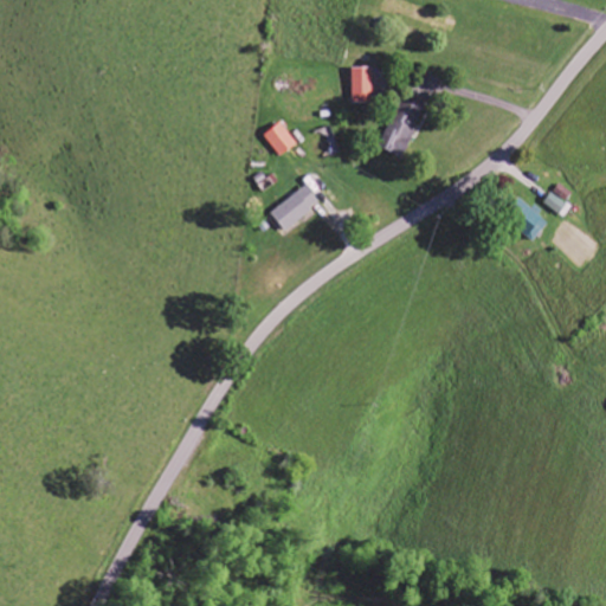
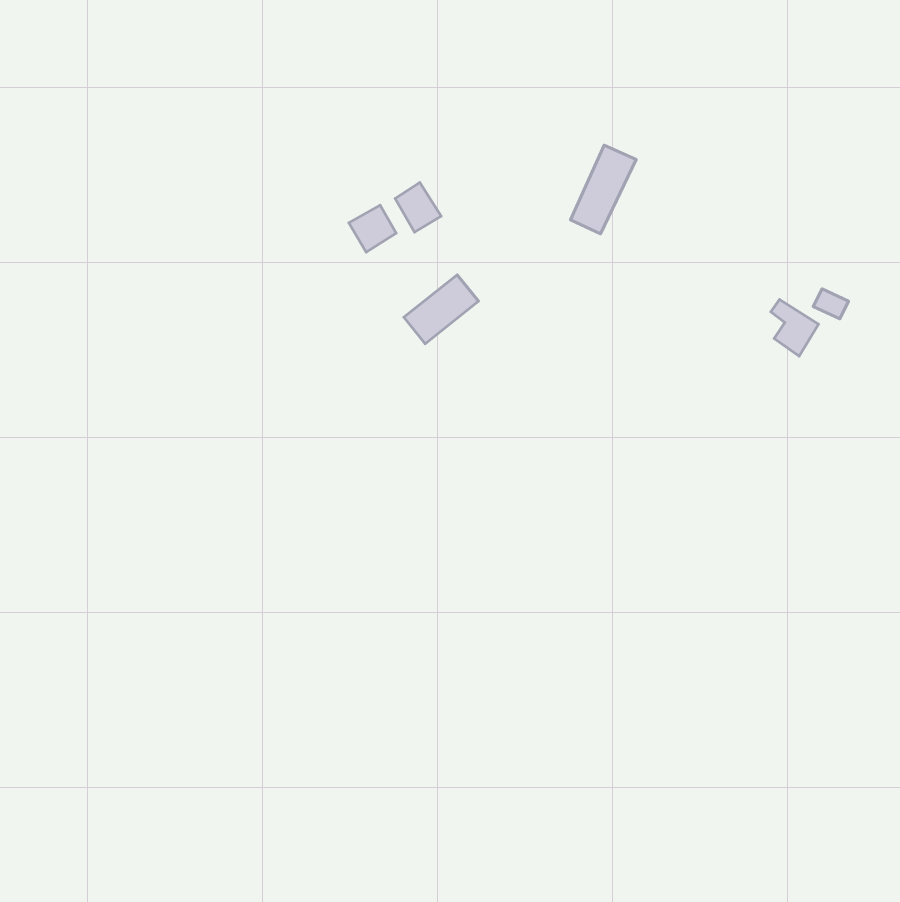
building: [350,66,372,102] -> none
building: none -> [349,205,396,252]

